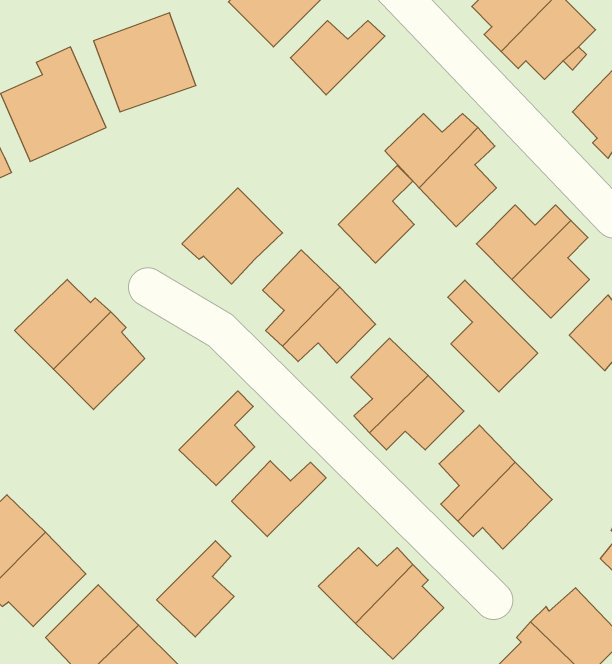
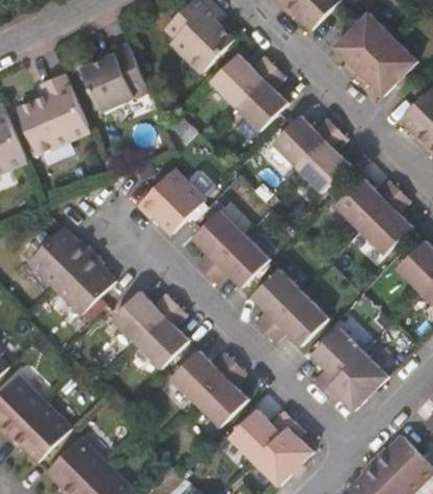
building: [338,166,414,263] -> [235,66,286,131]
building: [448,280,538,392] -> none
building: none -> [112,292,175,343]
building: [157,541,234,637] -> [195,362,247,426]

